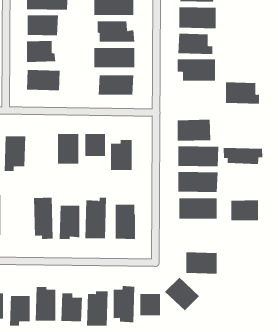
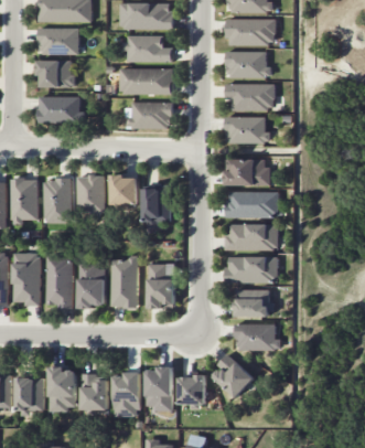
building: [225,82,260,104] -> [226,116,269,143]
building: none -> [43,179,71,221]
building: [223,147,263,165] -> none
building: none -> [13,253,40,306]
building: [231,200,259,221] -> [235,289,270,316]

